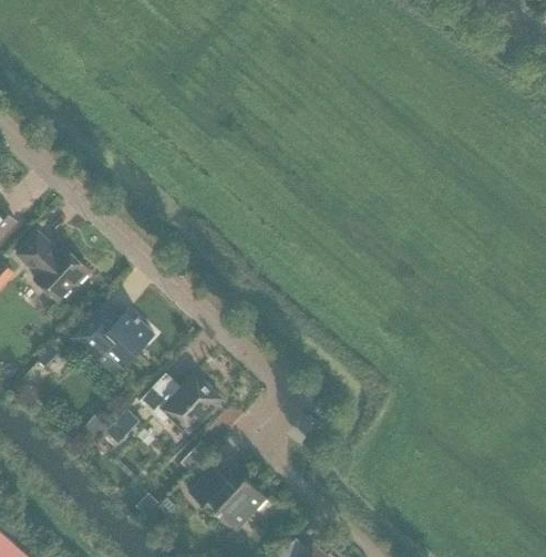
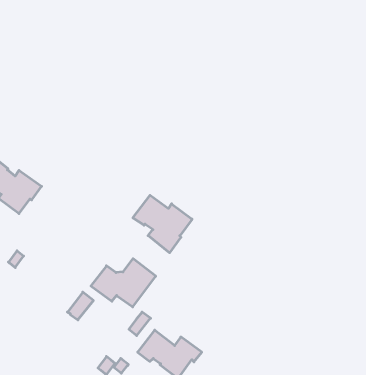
building: [71,296,153,368] -> none
building: none -> [133,195,192,253]

